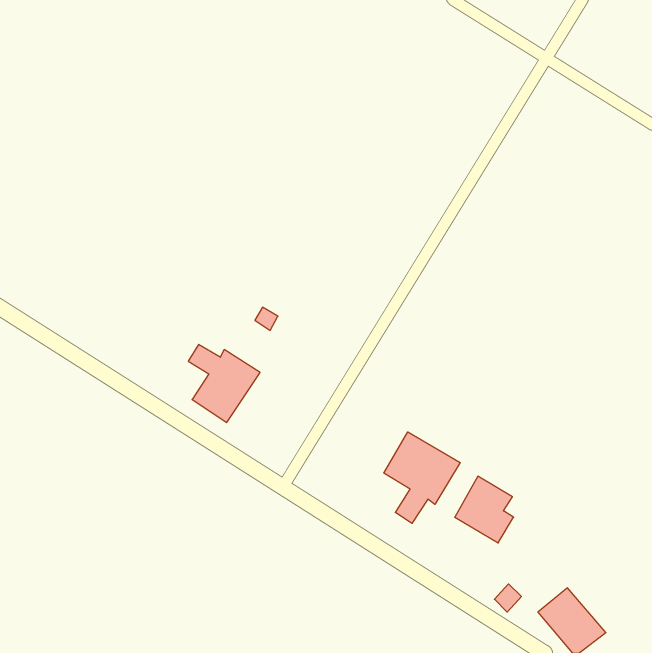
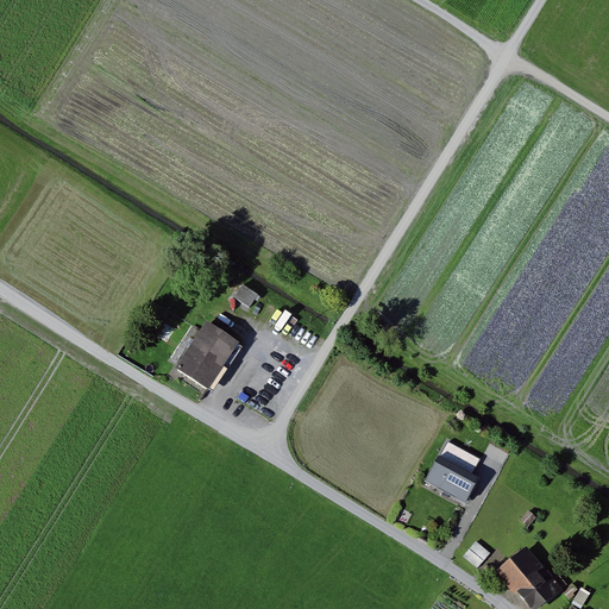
building: [384,432,460,523] -> none

